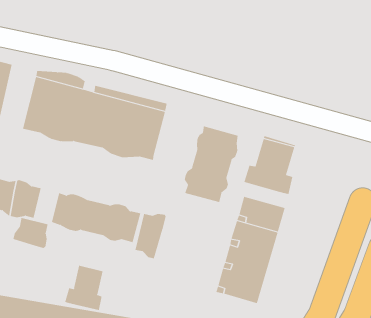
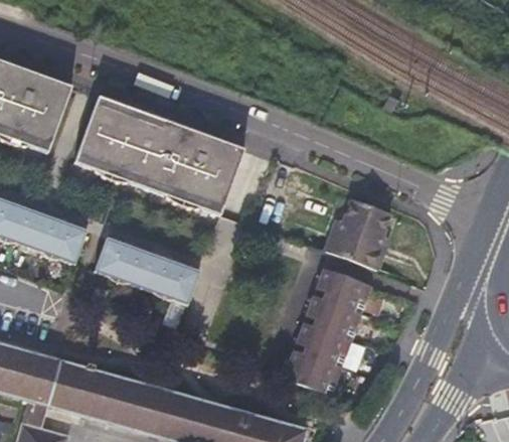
building: [184,125,238,203] -> none
building: [135,213,166,259] -> none
building: [13,217,48,249] -> none
building: [65,265,103,311] -> none

